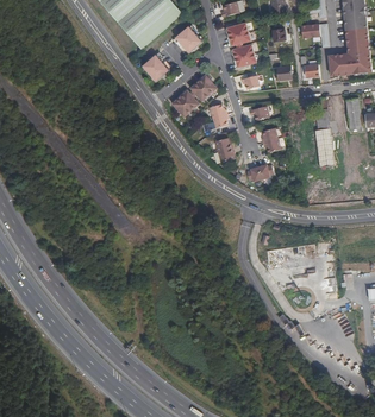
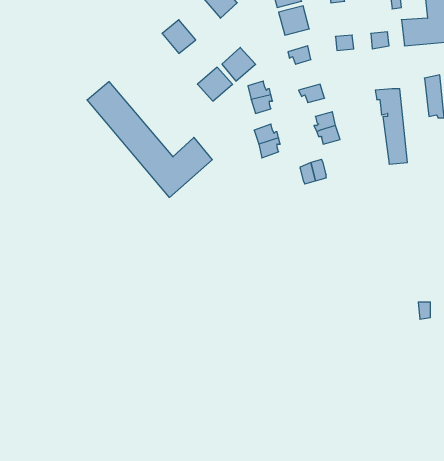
building: none -> [87,82,212,197]

